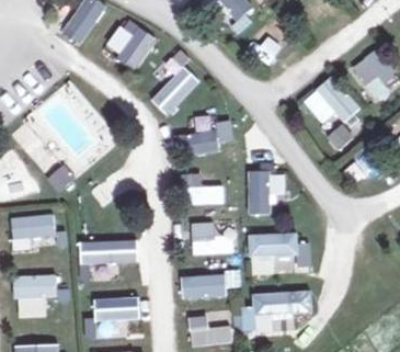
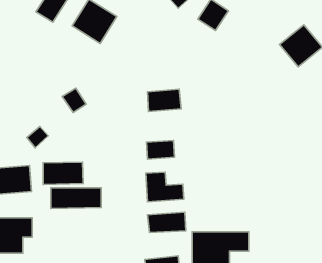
building: [149,66,199,117] -> none
building: [301,75,358,132] -> none
building: [248,172,281,215] -> none
building: [248,231,297,273] -> none
building: [93,296,140,322] -> [43,162,83,184]

